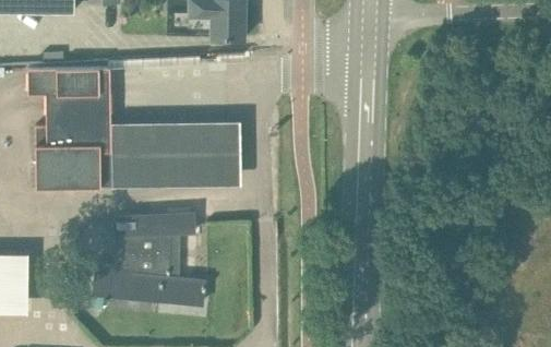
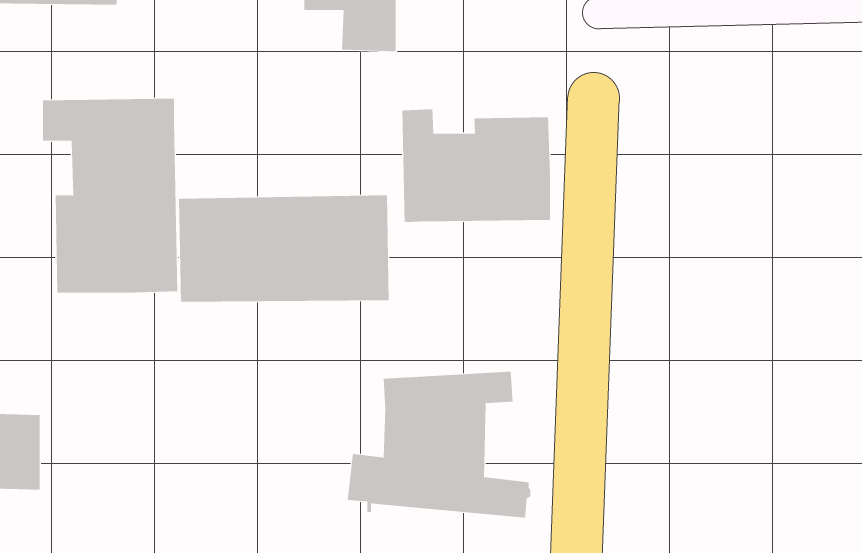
building: none -> [402,109,551,223]
building: [93,214,205,303] -> [347,371,531,518]

